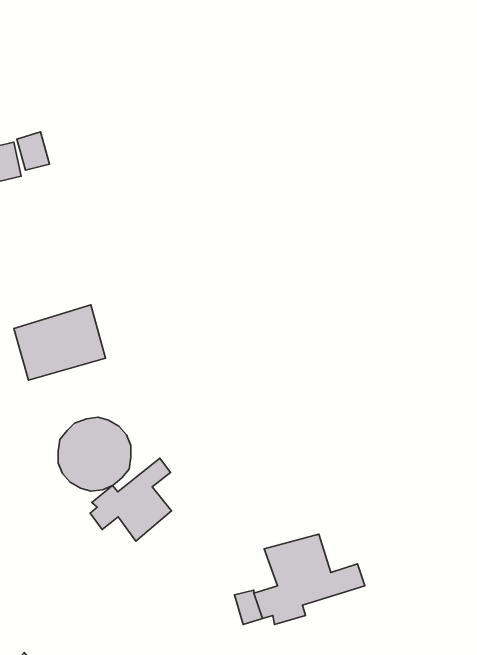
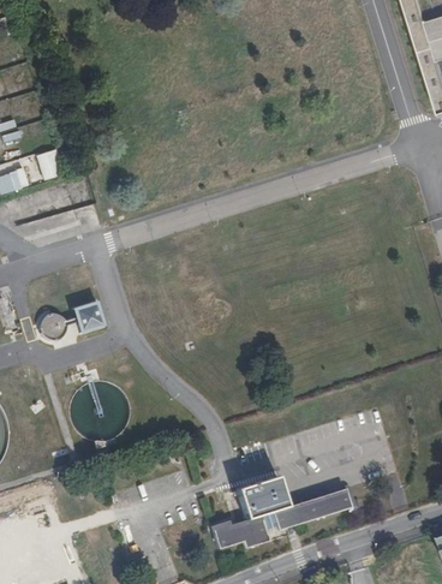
building: [90,458,171,541] -> none
building: none -> [313,488,356,517]

